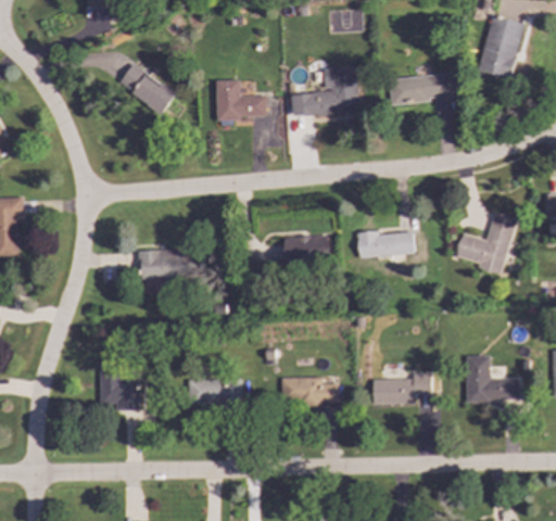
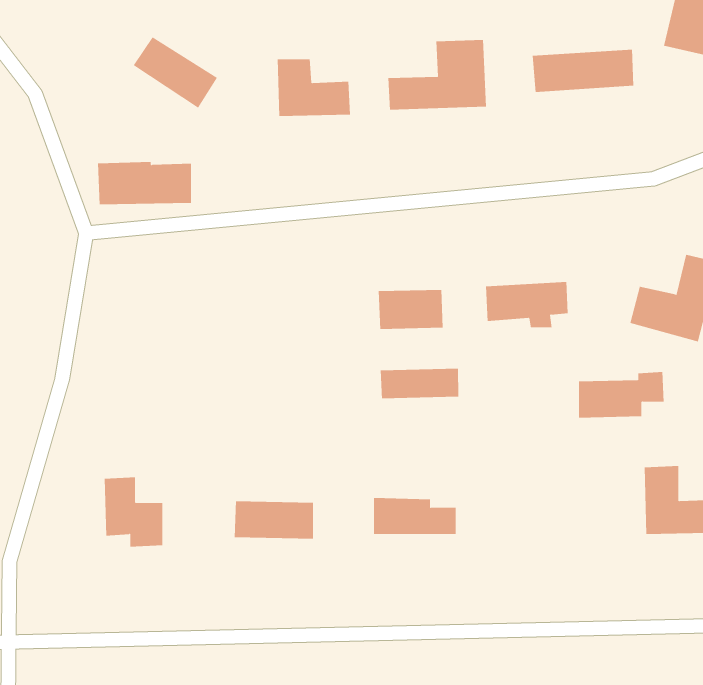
building: [140,250,204,279] -> [97,161,192,205]
building: none -> [380,368,459,399]
building: [372,373,431,405] -> [578,372,665,418]

